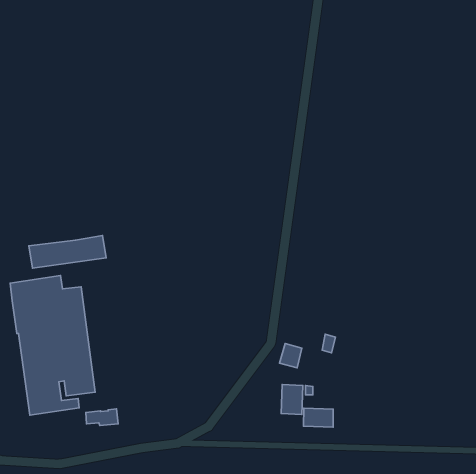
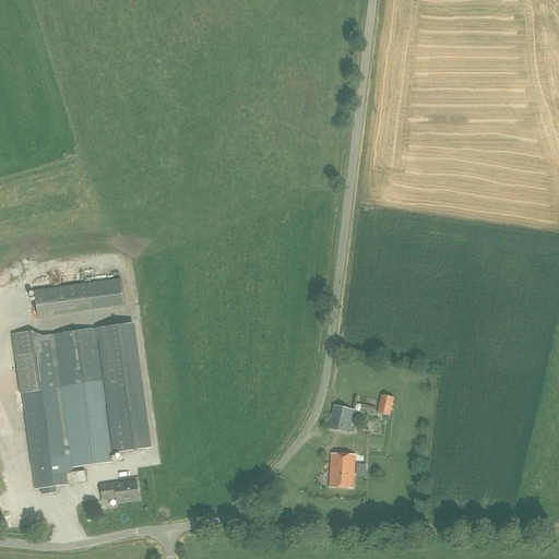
building: none -> [96,321,145,451]
building: [304,408,333,427] -> none

